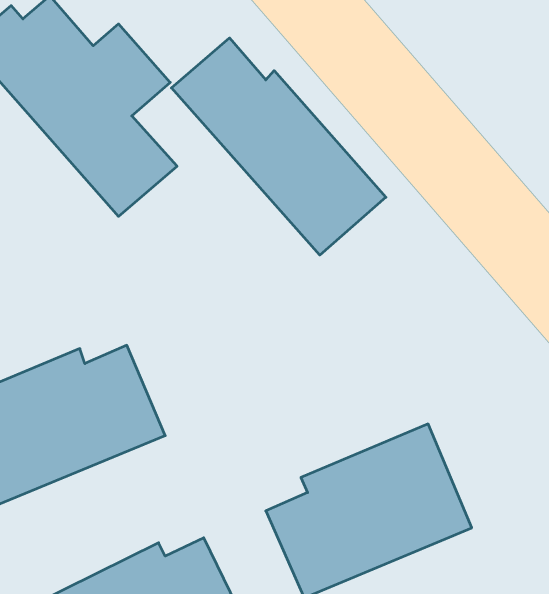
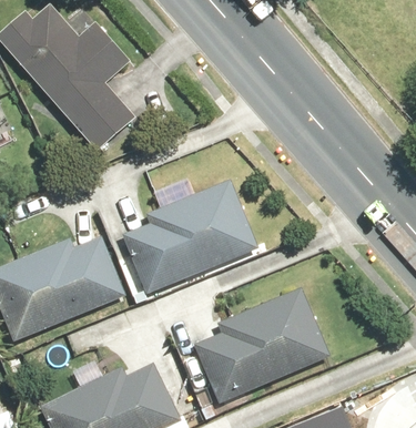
building: [171,38,386,255] -> none
building: none -> [122,179,257,294]

